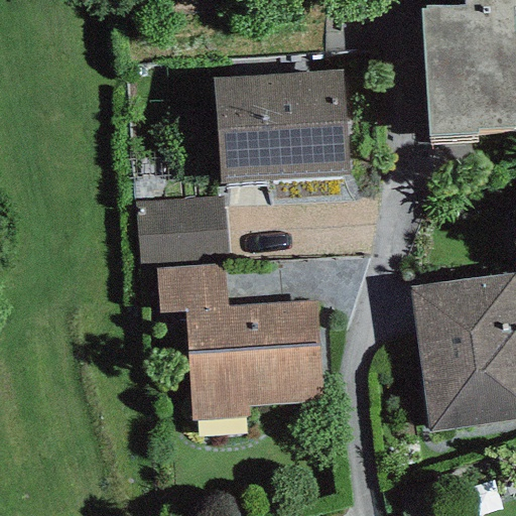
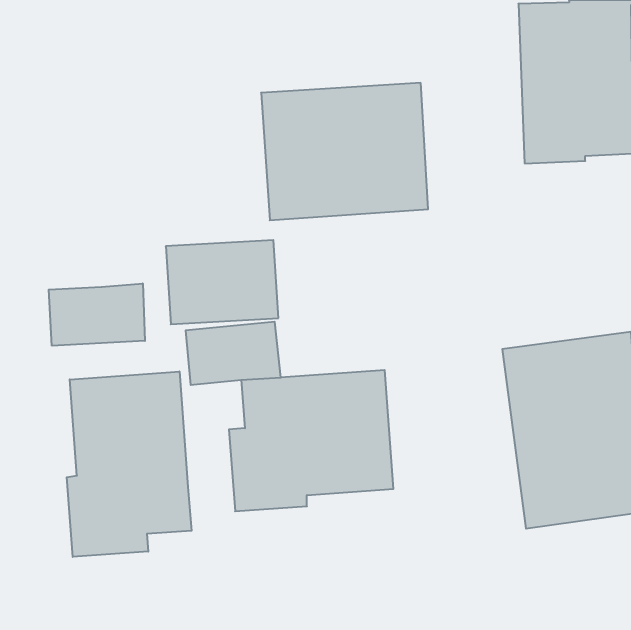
building: none -> [49,283,145,346]
building: none -> [67,371,192,557]

